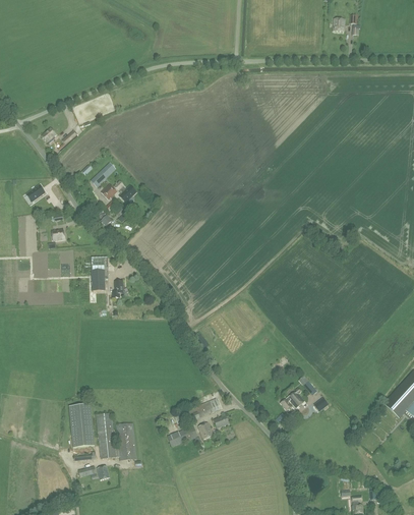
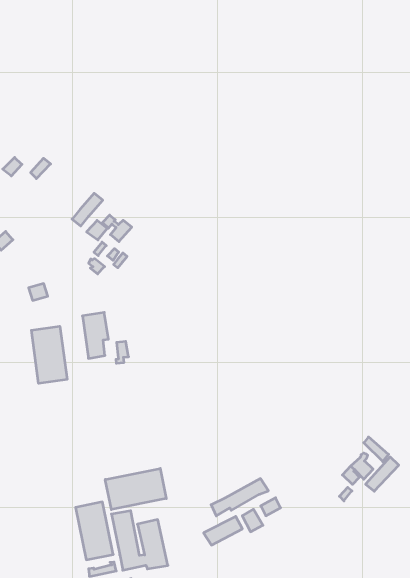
building: none -> [31,326,67,383]
building: none -> [105,468,166,510]

